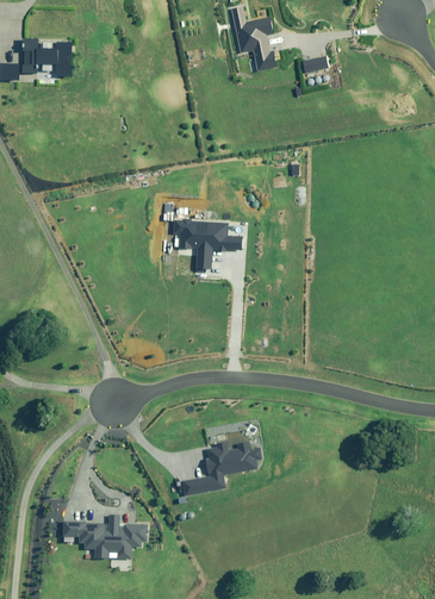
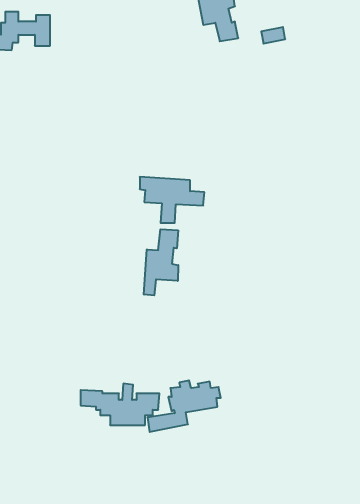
building: none -> [144,229,178,295]
building: [63,512,149,557] -> [81,384,159,425]

